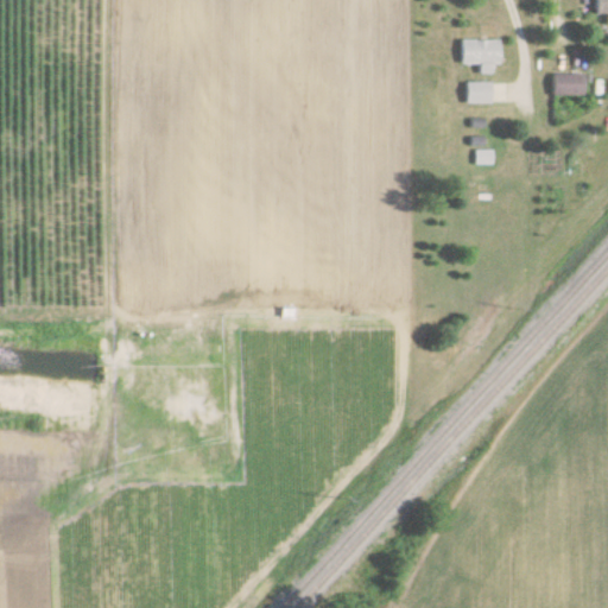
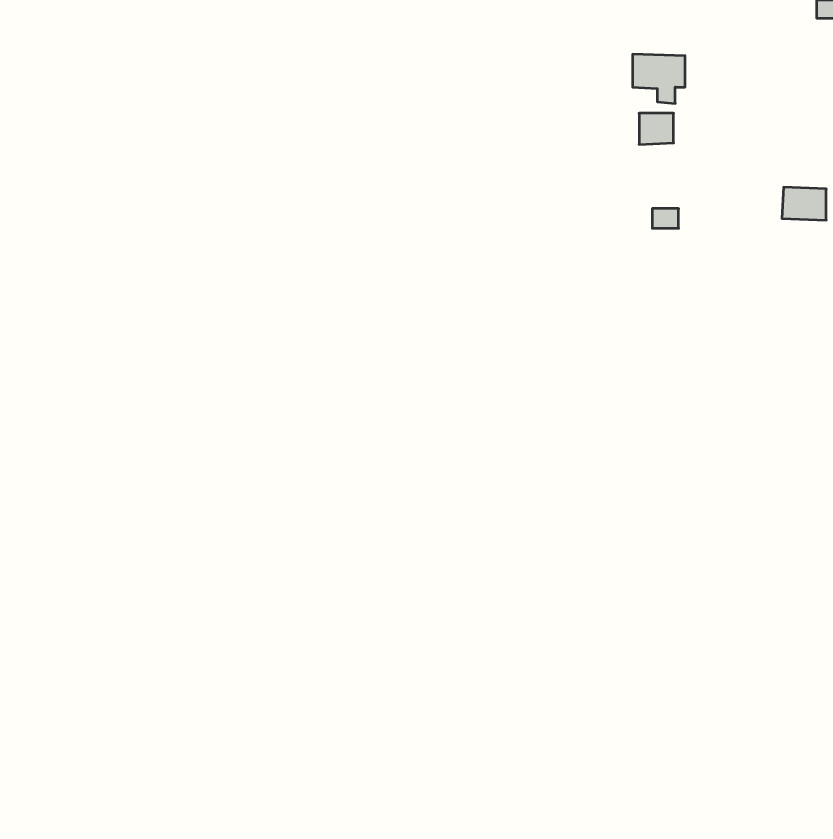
building: [553,72,585,96] -> [782,187,826,220]

